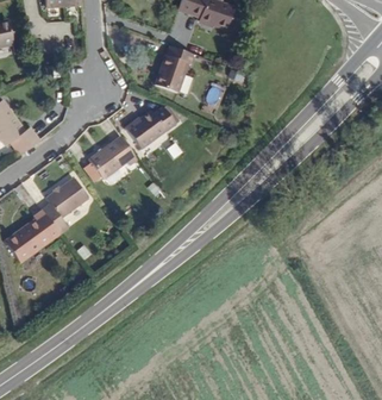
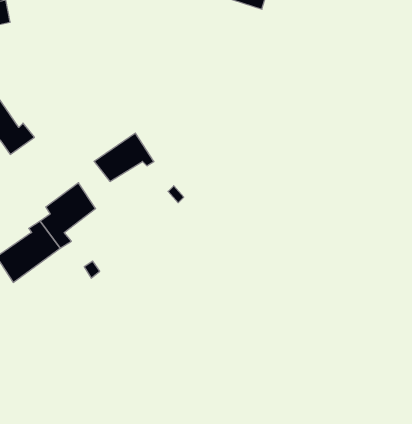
building: [152,45,189,92] -> none
building: [125,110,175,150] -> none

